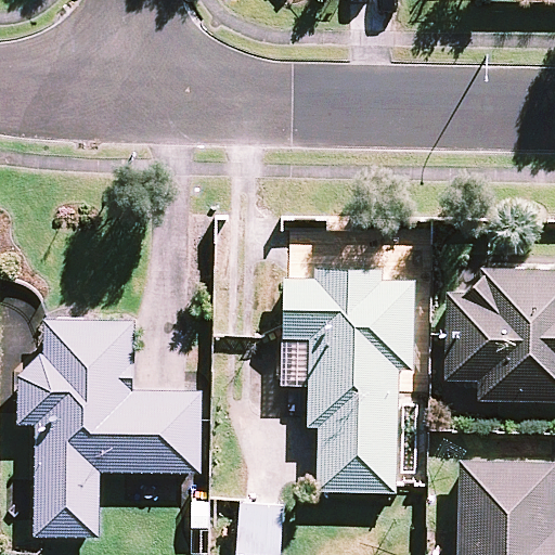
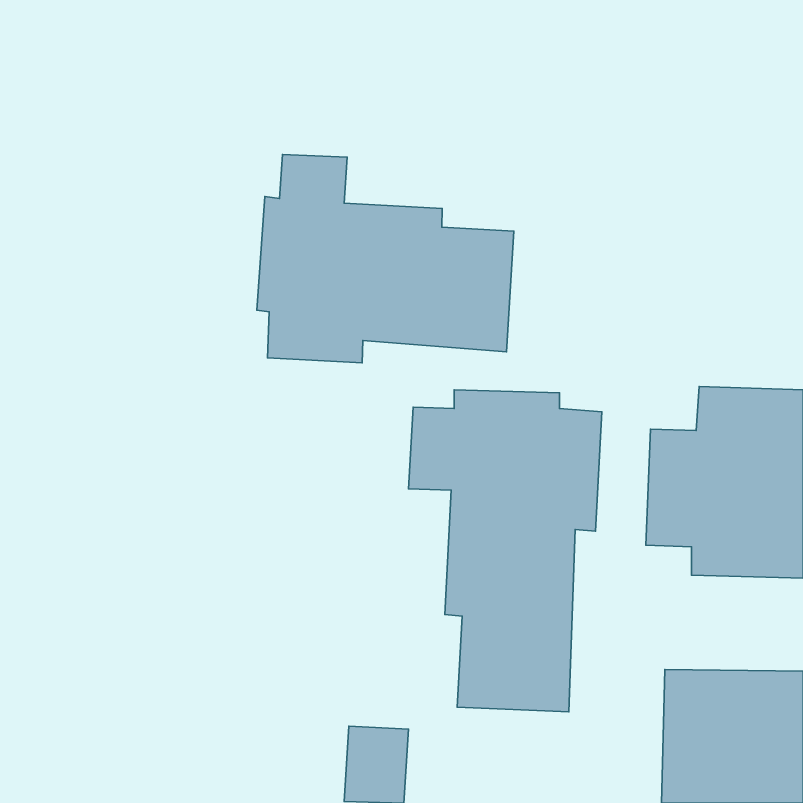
building: none -> [257,154,514,363]
building: [17,320,198,534] -> none

